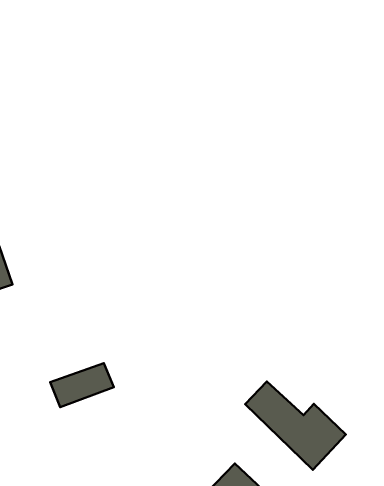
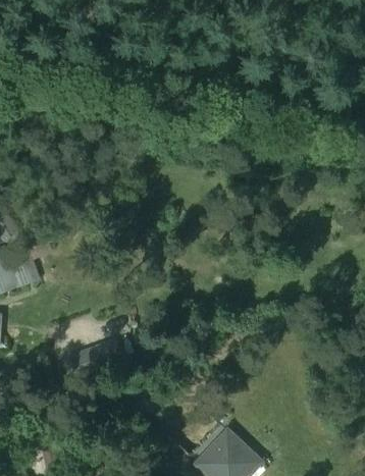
building: [245,382,346,470] -> none

